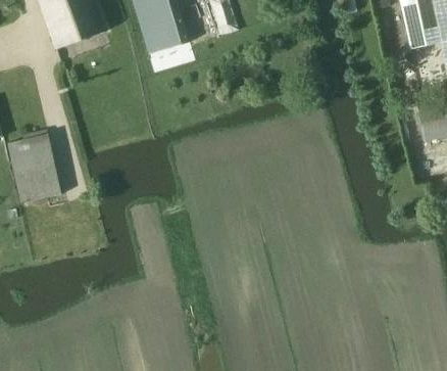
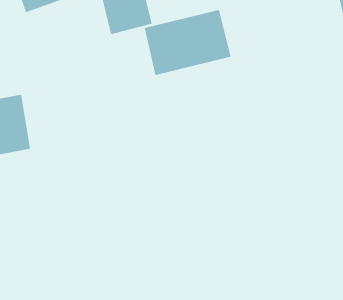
building: none -> [144,9,231,76]

